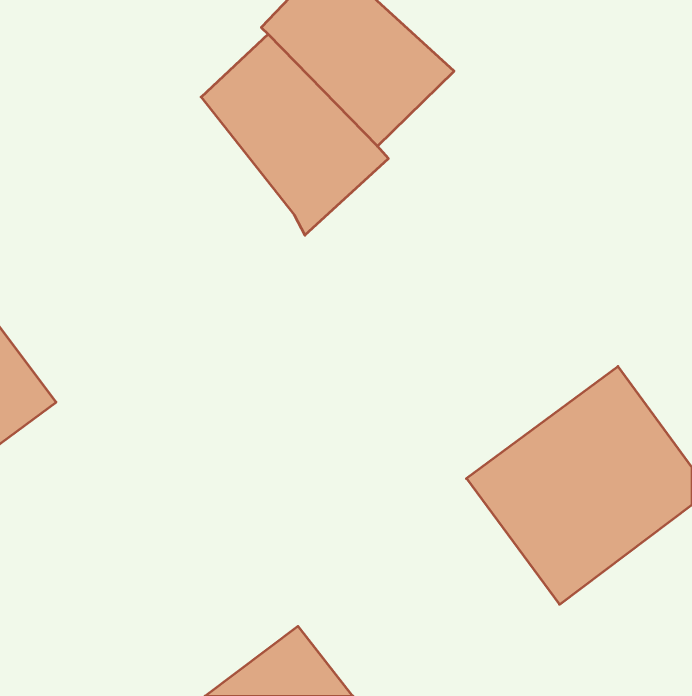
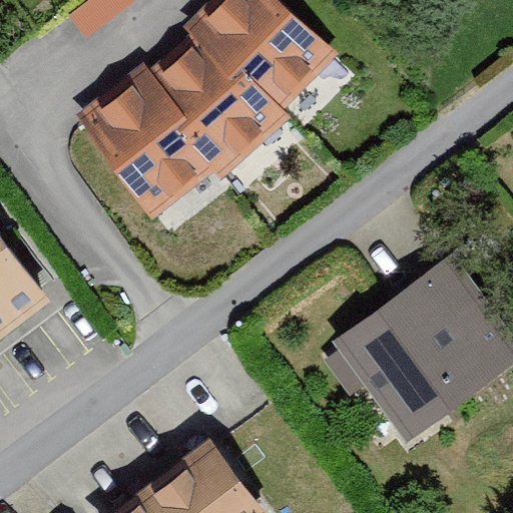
building: none -> [78,71,215,210]

